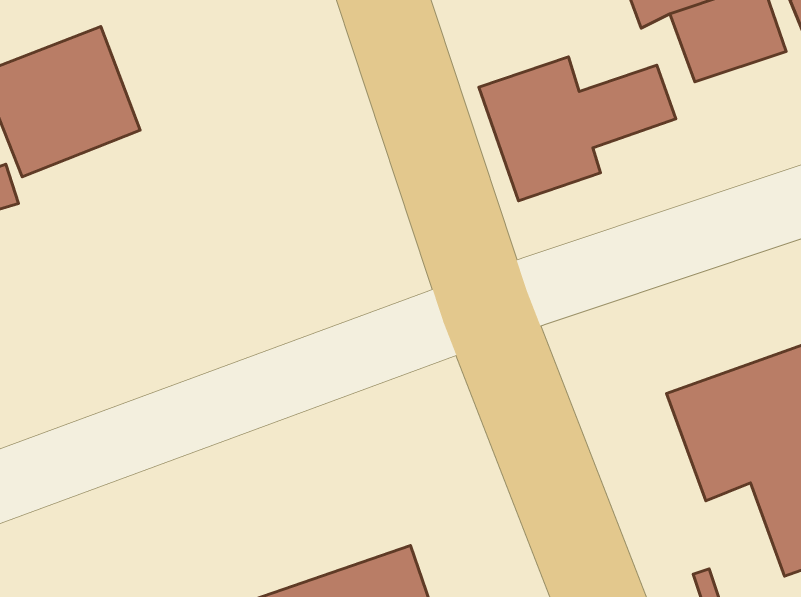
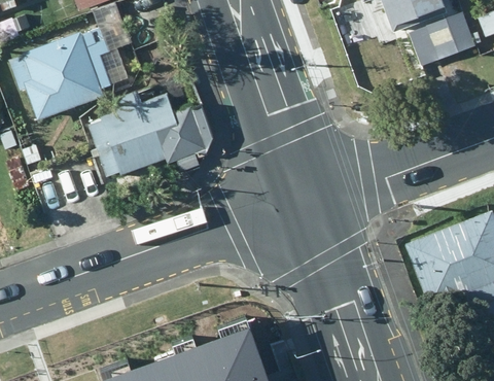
building: [479,57,676,201] -> none
building: none -> [82,96,217,182]

